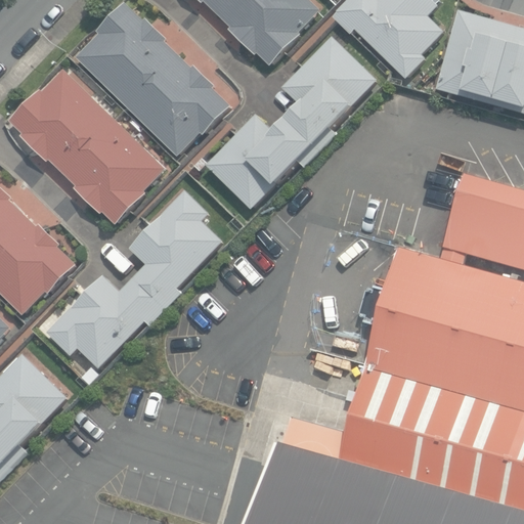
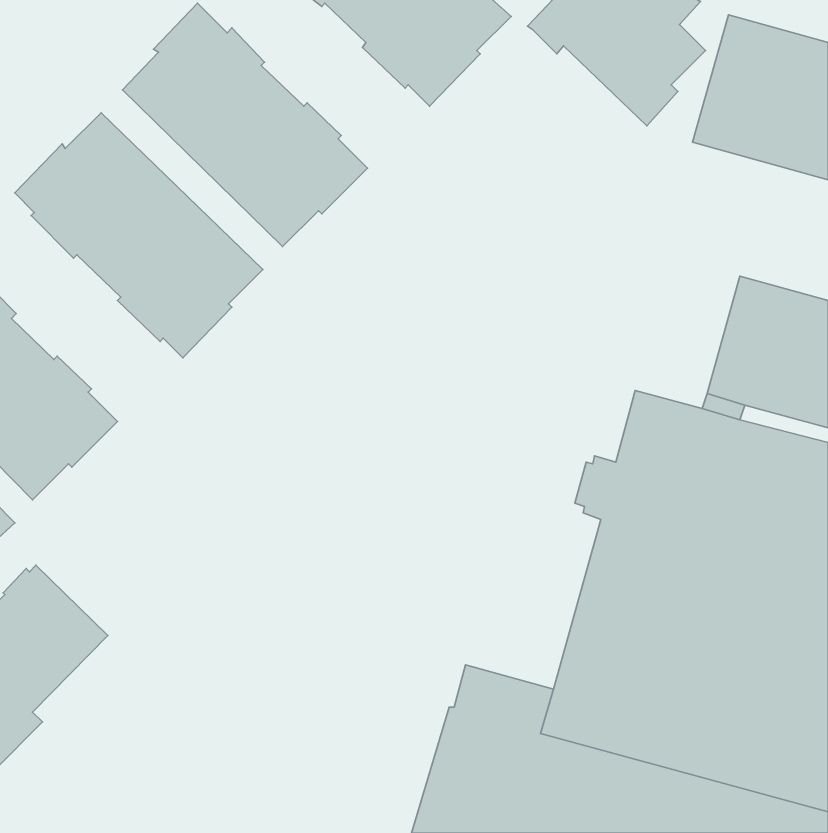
building: [204,36,377,210] -> none
building: [45,188,221,368] -> none

